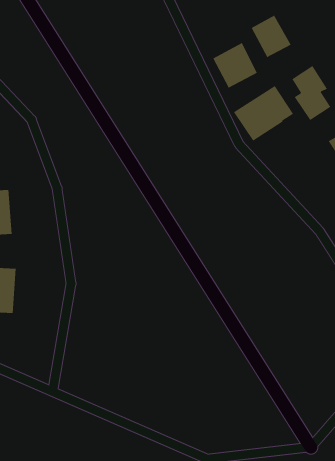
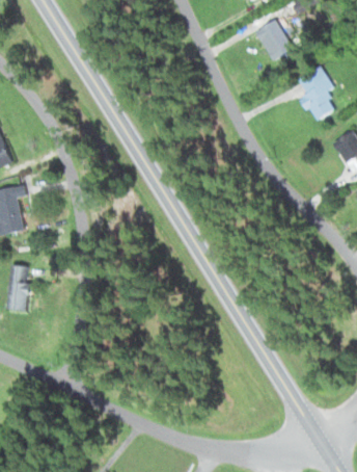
building: [212,42,258,88] -> none
building: [233,85,294,142] -> none

